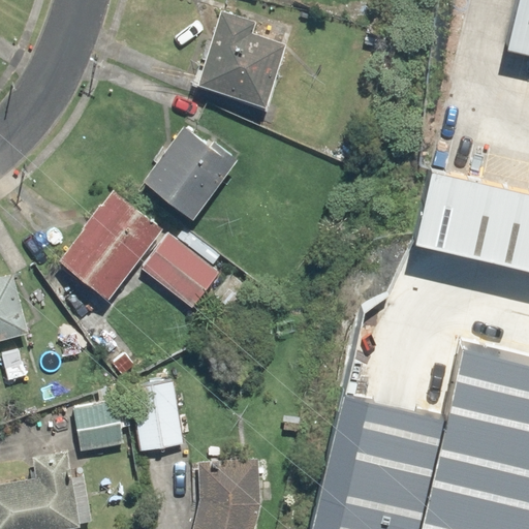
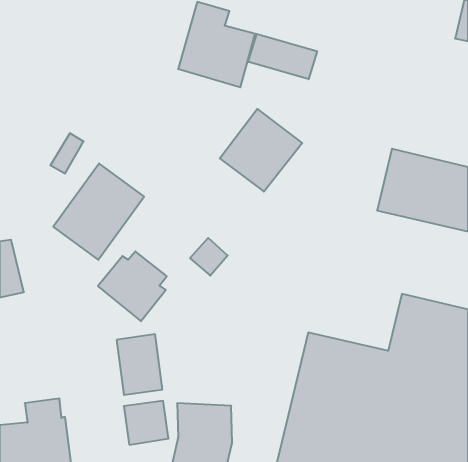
building: none -> [248,34,317,79]
building: [146,126,239,219] -> [220,109,302,192]
building: [143,231,220,310] -> [98,251,167,321]
building: [73,405,124,455] -> [124,401,169,445]

